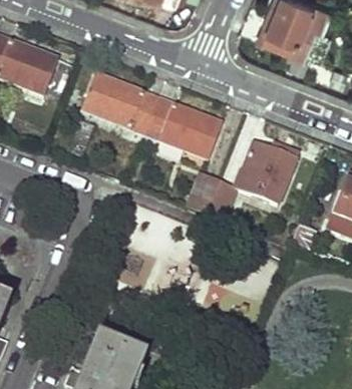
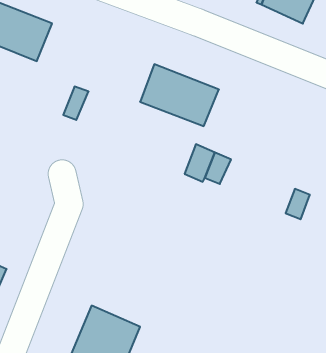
building: [82,70,158,132] -> none
building: [234,141,298,203] -> none

